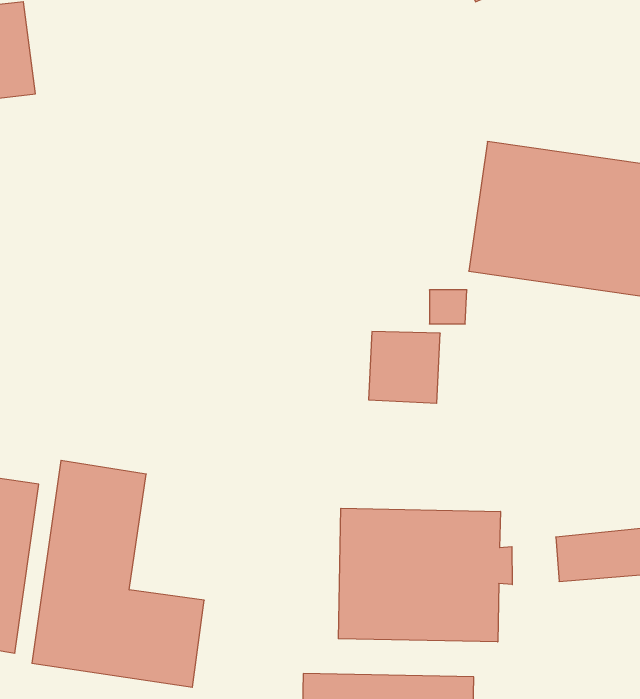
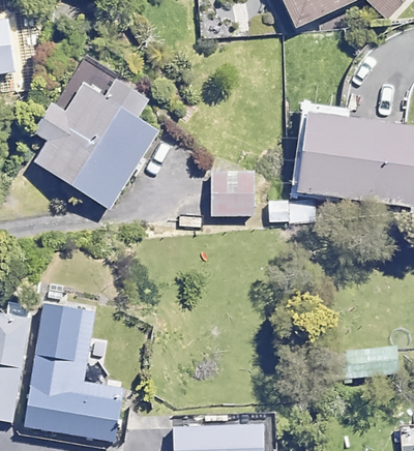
building: none -> [20,80,156,207]
building: [369,332,440,403] -> [210,172,254,215]
building: [338,508,512,642] -> none

